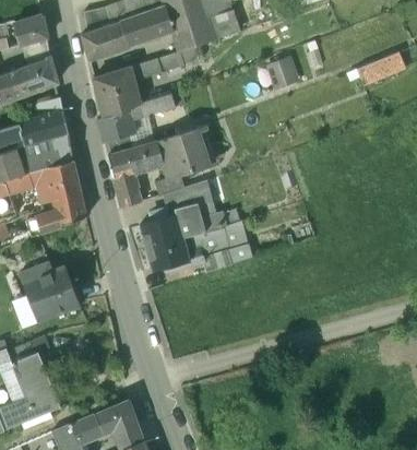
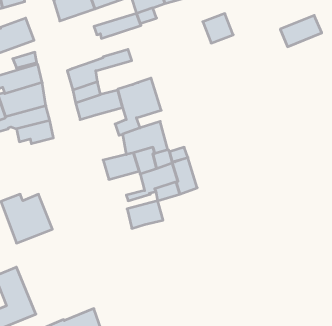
building: [94,66,141,116] -> none
building: [114,170,141,208] -> none
building: [26,198,87,237] -> none
building: [147,237,190,270] -> [127,201,163,228]

